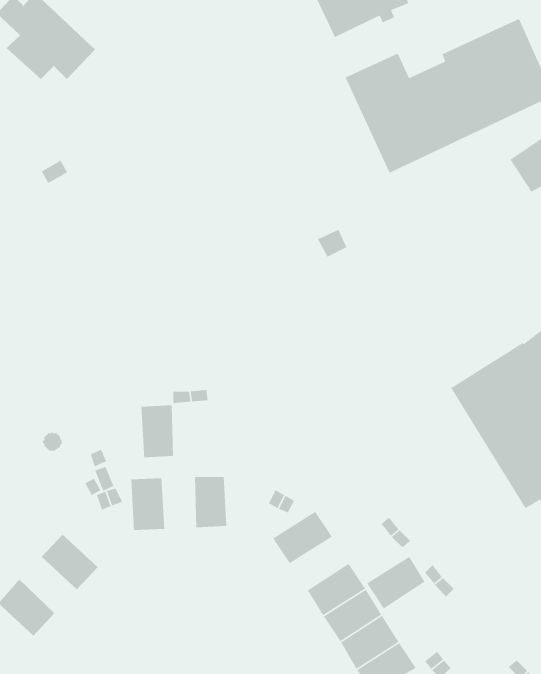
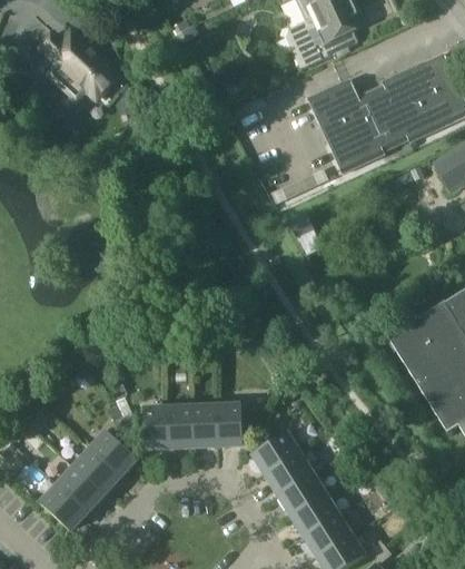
building: [141,405,174,458] -> [169,405,195,447]
building: none -> [217,404,244,444]
building: none -> [92,432,137,475]
building: [366,556,425,609] -> [267,452,313,493]
building: none -> [59,468,103,511]

